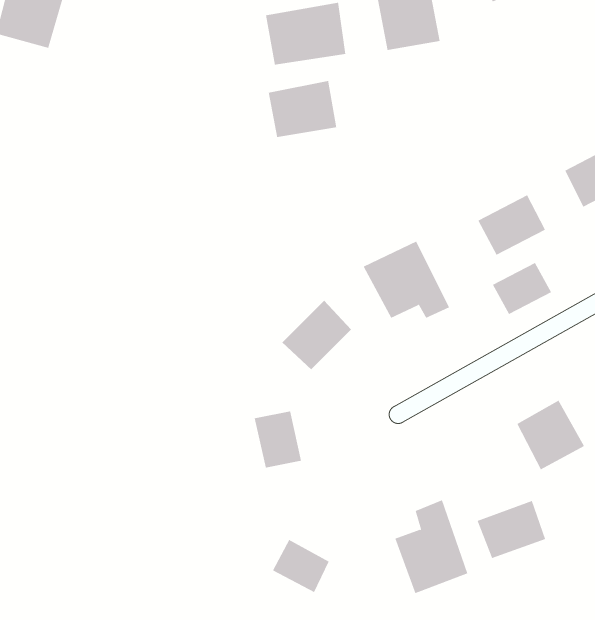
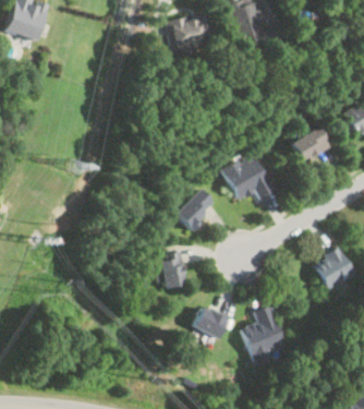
building: [268,80,337,138] -> none
building: [492,262,552,315] -> none
building: [477,500,546,559] -> none
building: [272,539,329,593] -> [195,308,229,339]

